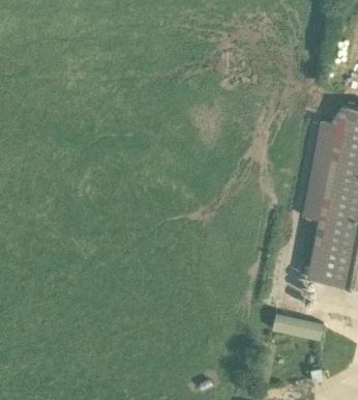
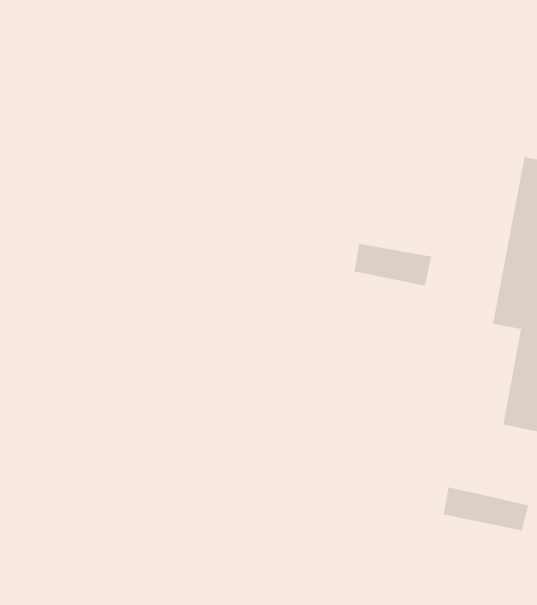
building: none -> [353,242,432,286]

